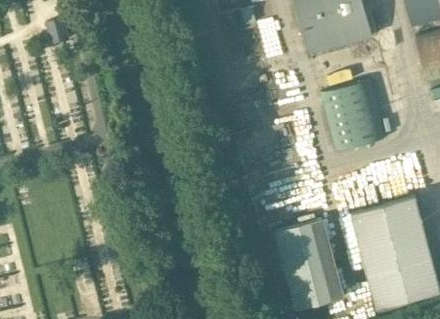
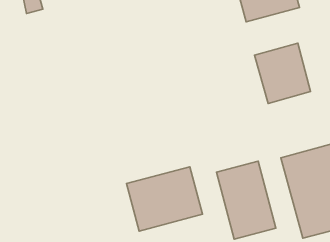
building: none -> [126,167,202,231]

